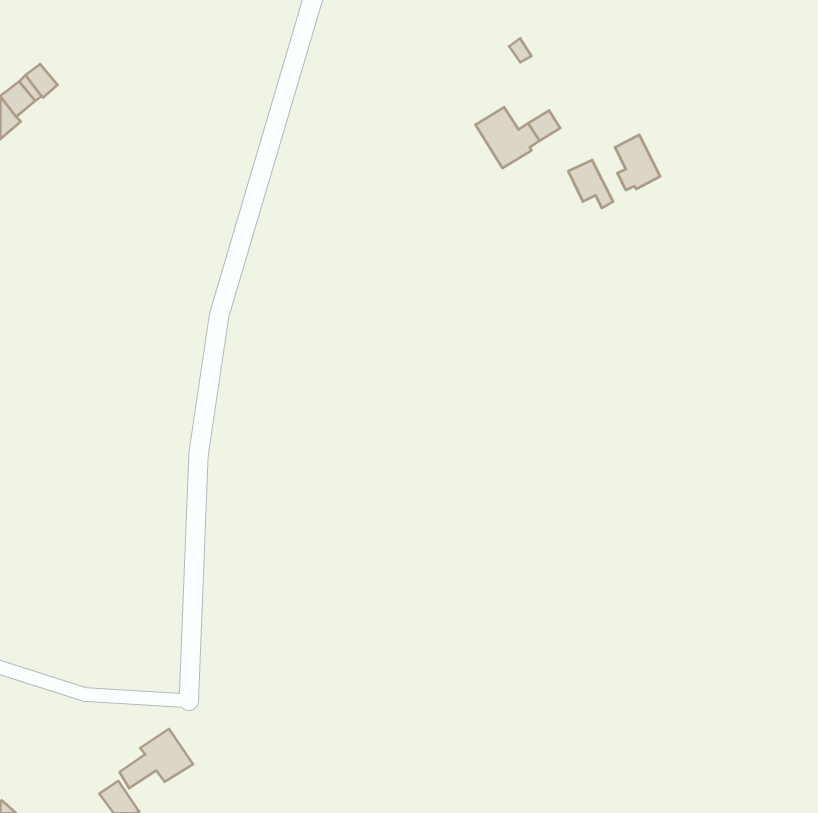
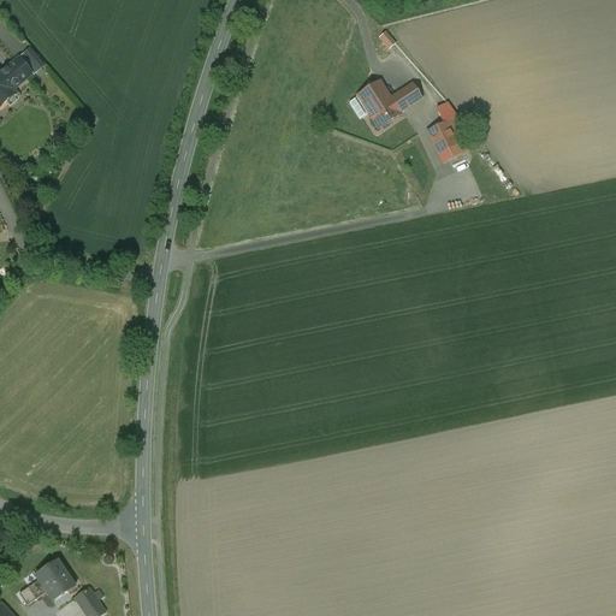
building: [615,135,660,190] -> none
building: [120,729,193,788] -> [19,559,75,604]

